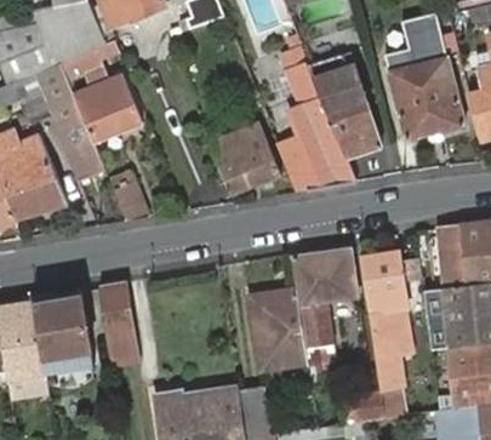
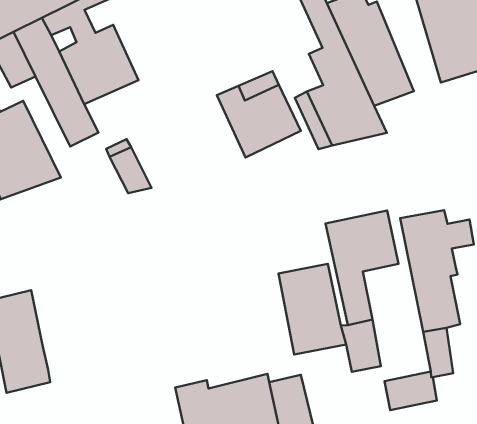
building: [97,279,136,365] -> none
building: [35,286,92,370] -> none

